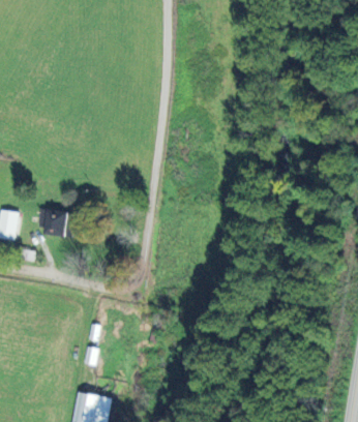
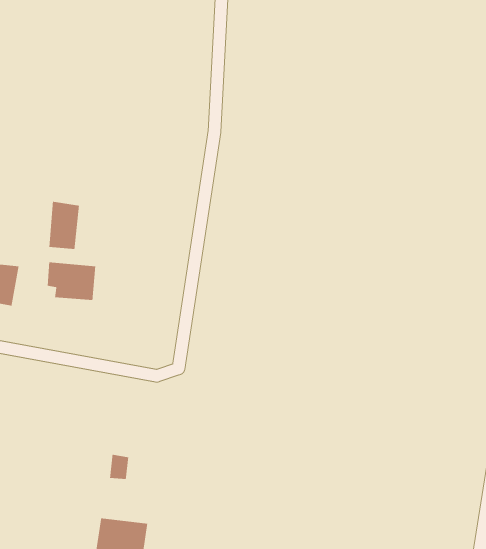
building: none -> [49,201,80,250]

